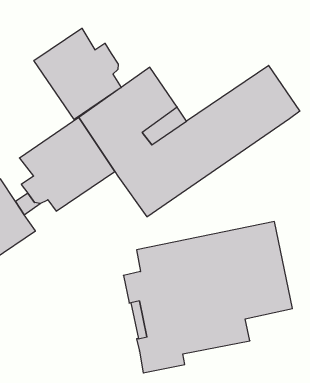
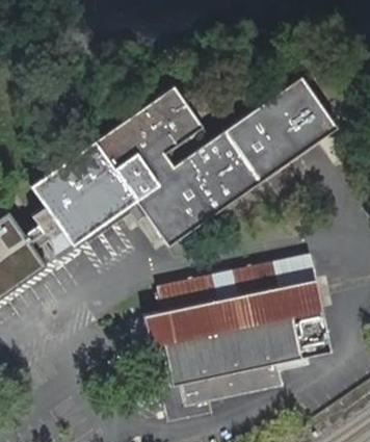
building: [34,28,121,119] -> none

